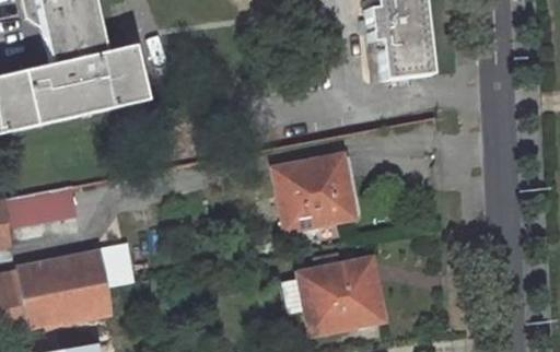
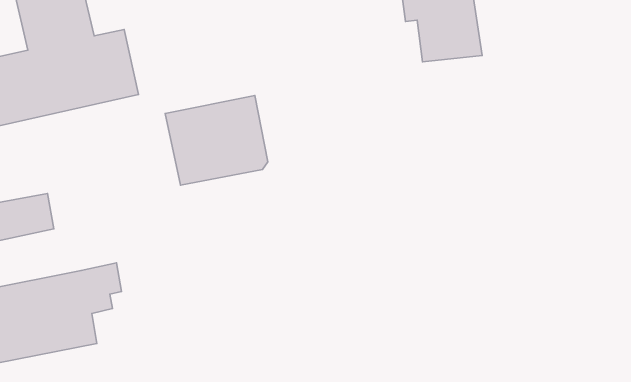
building: [273,149,360,224] -> [165,95,268,185]
building: [301,256,375,328] -> none

